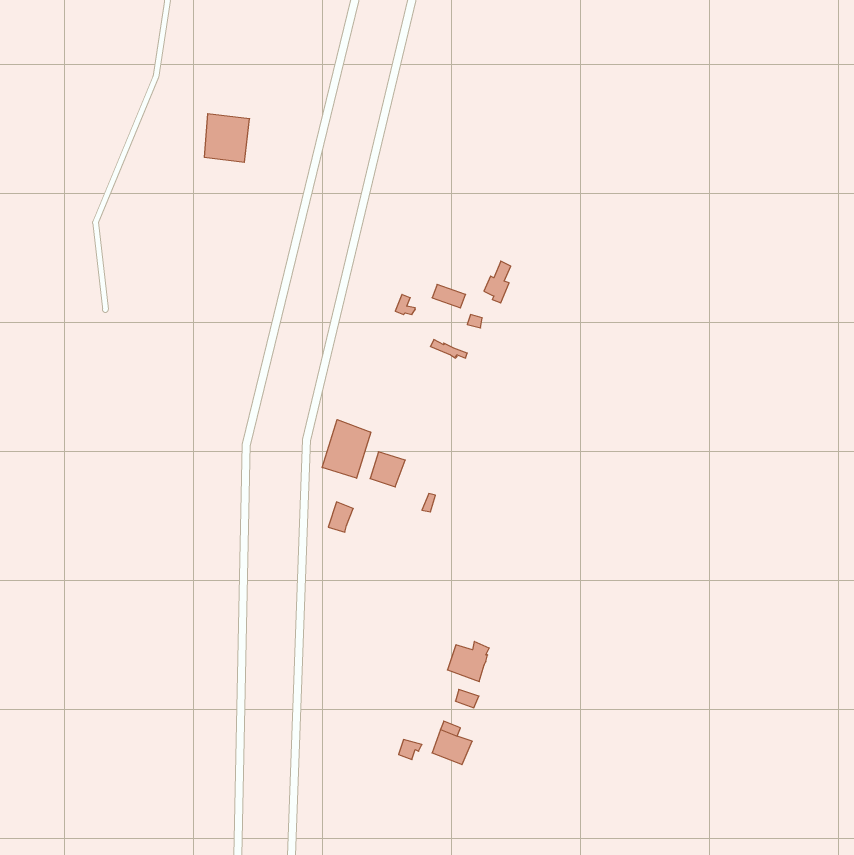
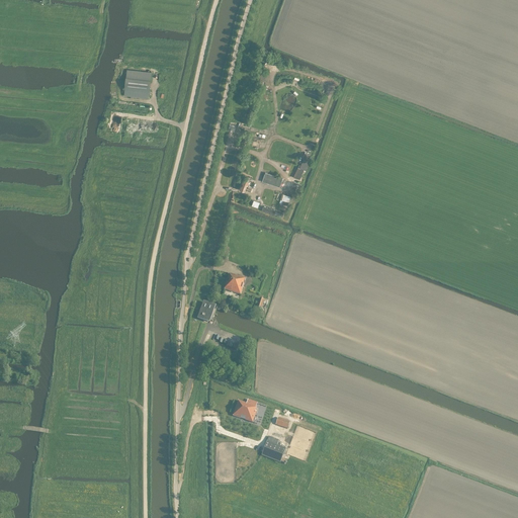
building: [322,420,371,478] -> none
building: [447,641,489,682] -> [232,399,257,423]

